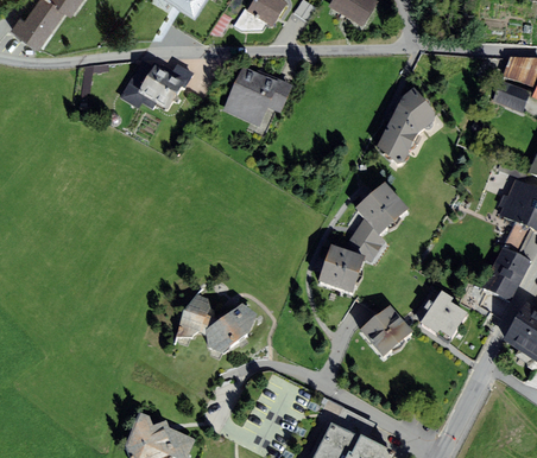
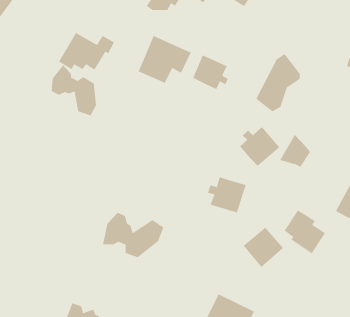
building: none -> [192,55,229,90]
building: none -> [51,64,97,116]
building: [343,216,385,260] -> [279,134,311,167]

